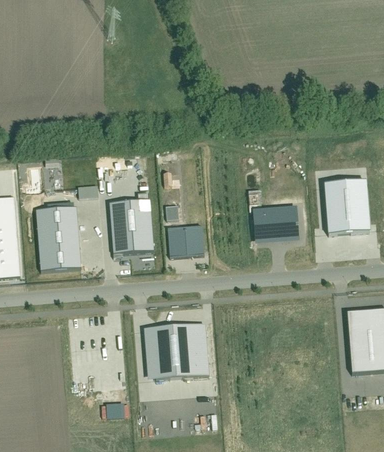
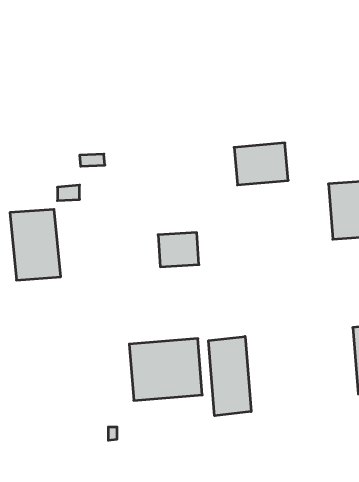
building: [110,199,154,252] -> none
building: [249,204,298,242] -> [234,143,288,185]
building: none -> [209,336,251,416]

